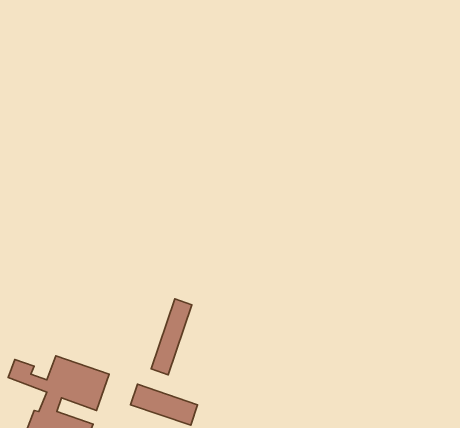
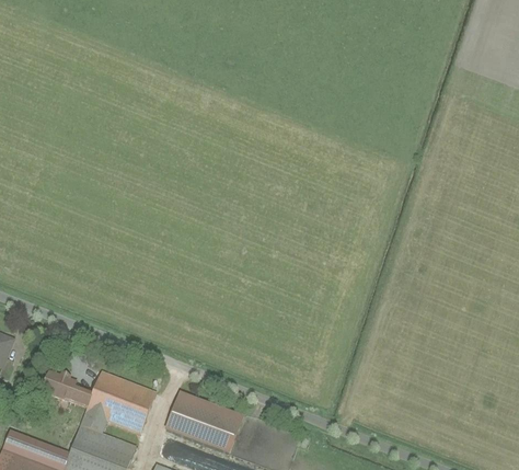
building: [151,299,192,375] -> none

